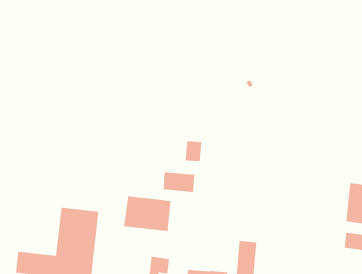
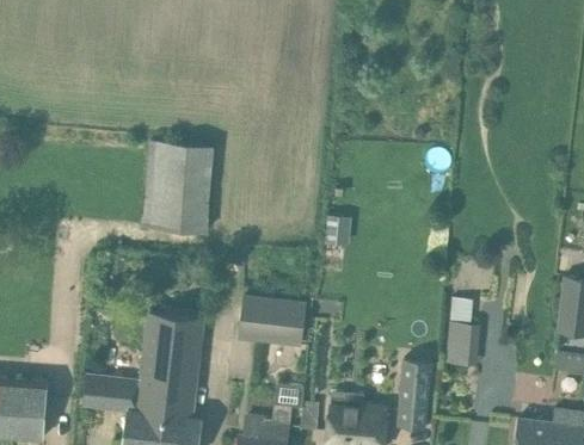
building: none -> [148,142,221,230]
building: [163,172,195,193] -> none
building: none -> [451,298,478,365]

